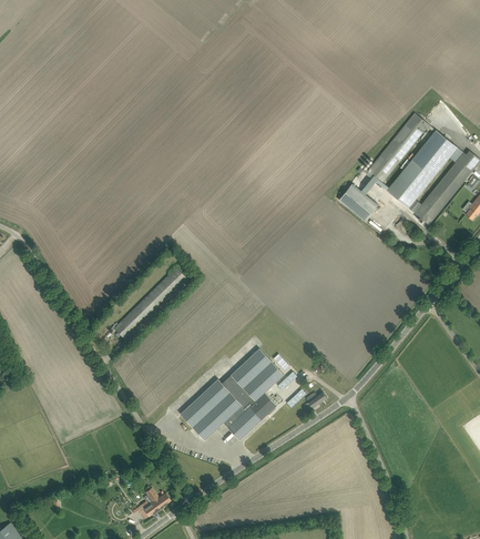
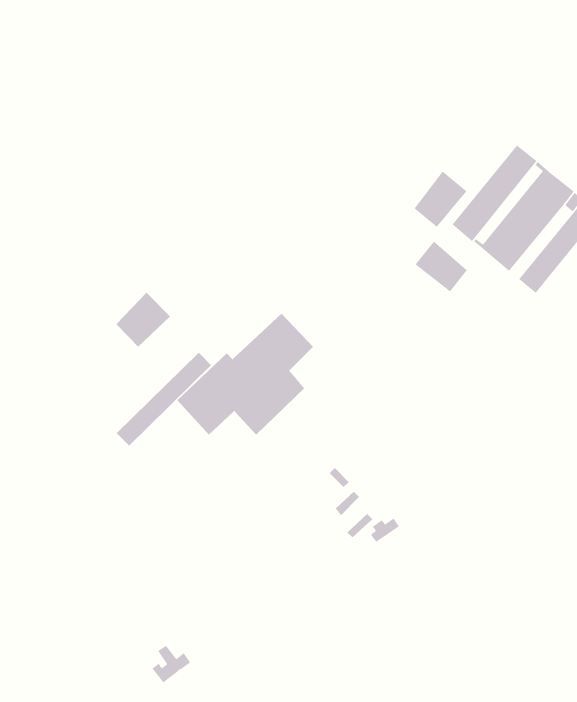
building: none -> [413,171,467,228]
building: none -> [116,292,171,348]
building: [180,349,283,441] -> [176,313,314,436]

